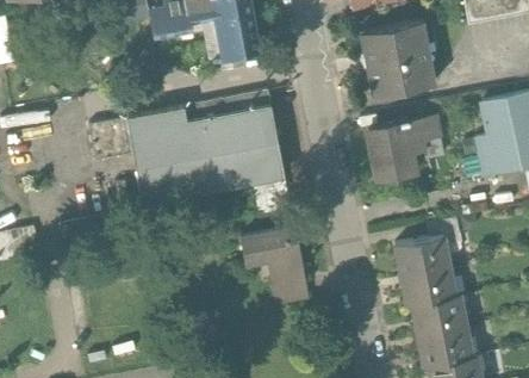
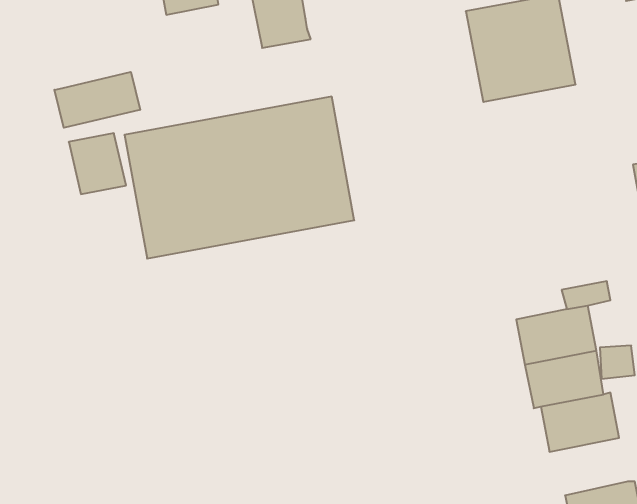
building: none -> [54,72,140,128]
building: [368,117,440,181] -> none
building: [242,229,309,305] -> none
building: [418,327,472,366] -> none

